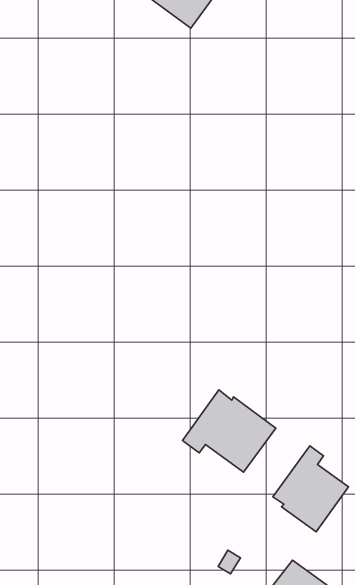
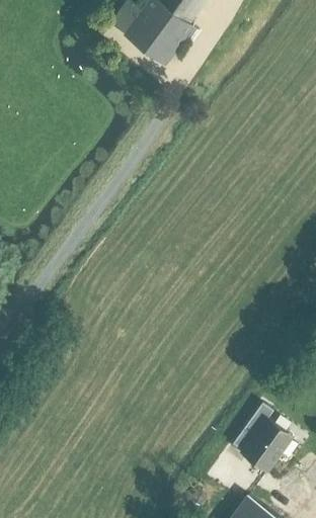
building: [182,390,276,472] -> none

